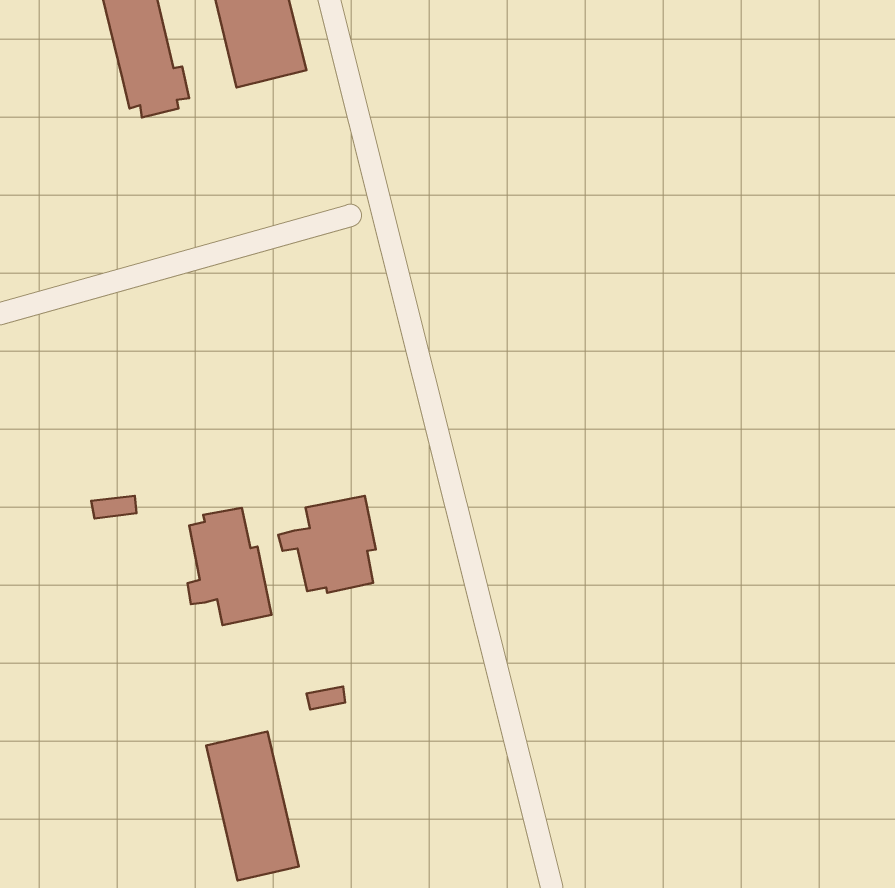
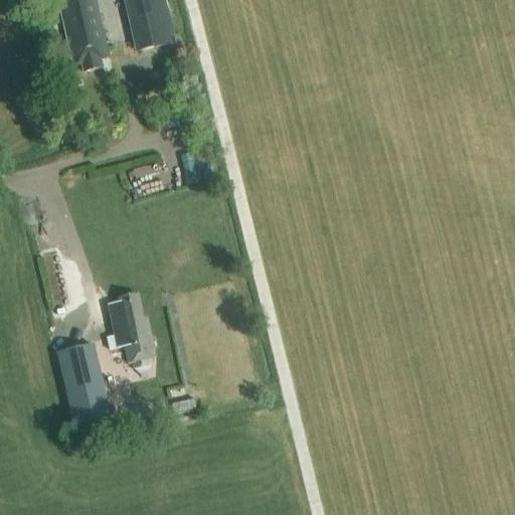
building: [278,496,376,593] -> none
building: [206,732,299,881] -> [58,342,112,427]

